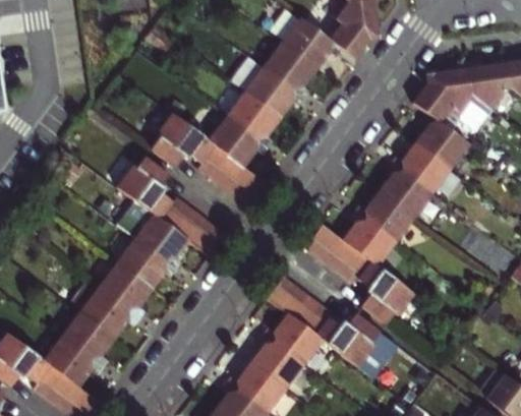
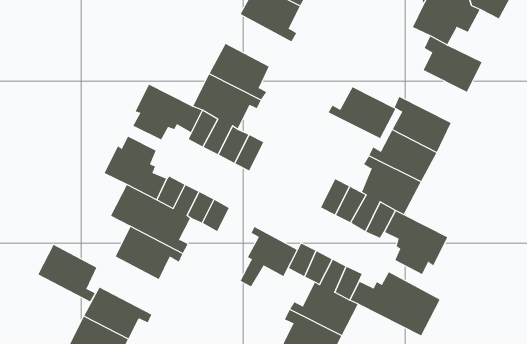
building: [246,65,305,116] -> none
building: [392,142,453,193] -> [328,86,396,139]
building: none -> [240,226,297,287]
building: [98,260,152,317] -> [38,244,97,302]

